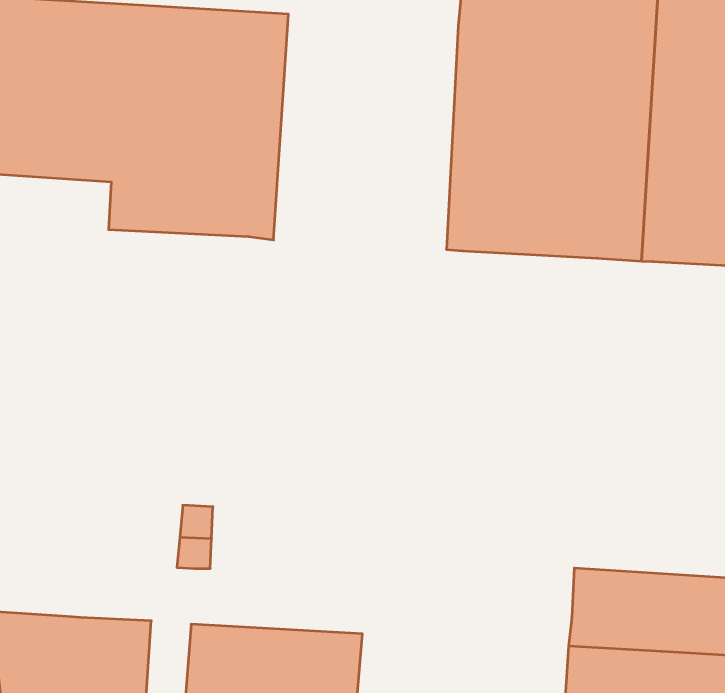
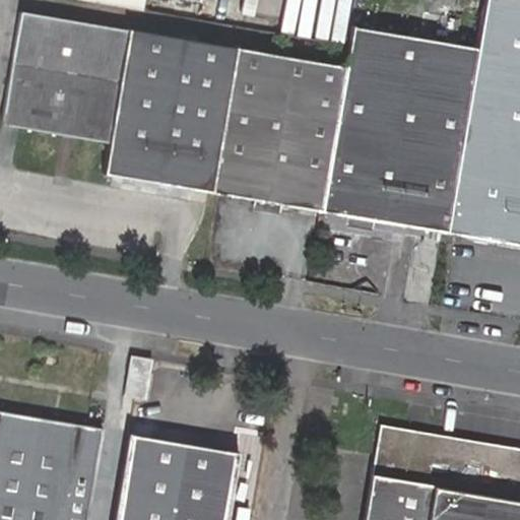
building: none -> [211,48,345,210]

